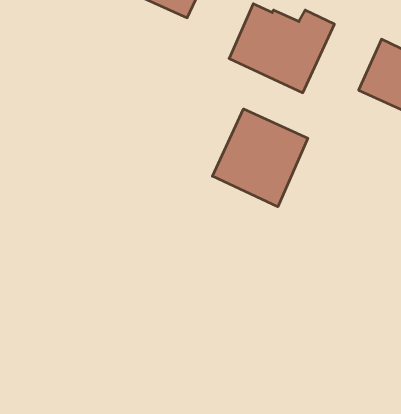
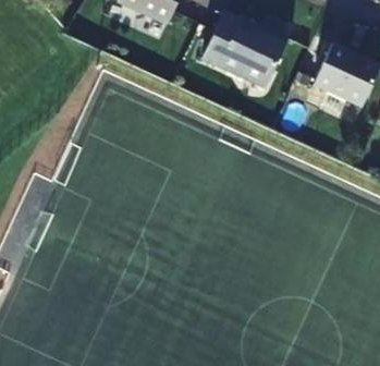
building: [212,109,308,207] -> none

